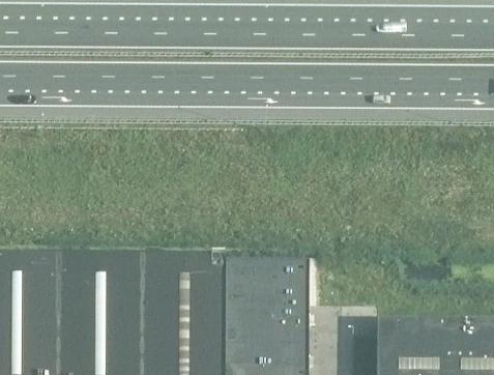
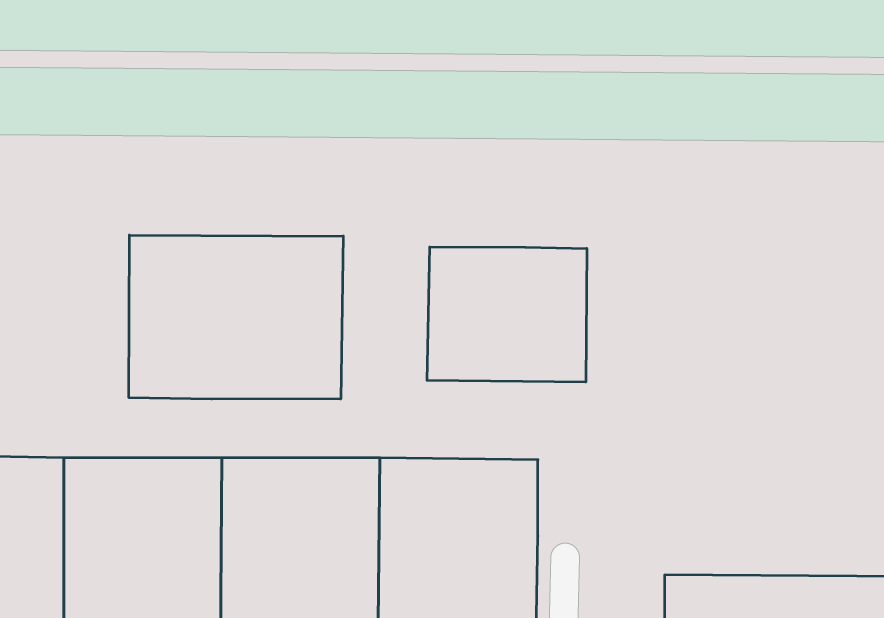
building: none -> [129,235,343,399]
building: none -> [427,247,587,382]

